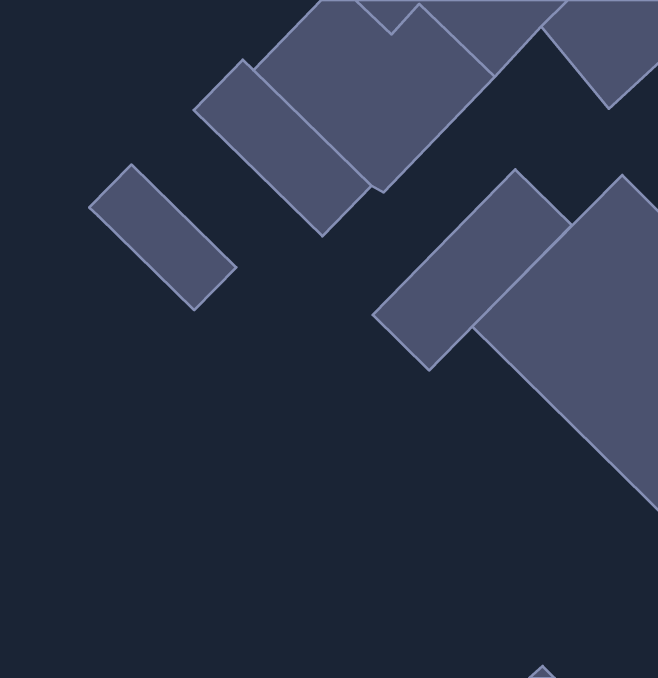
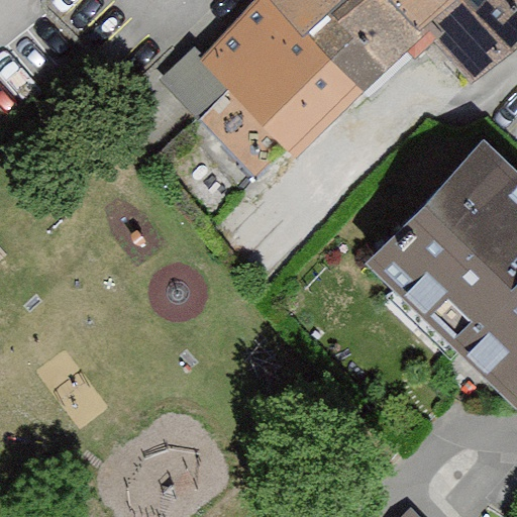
building: [89,165,236,310] -> none
building: [373,169,572,370] -> none

